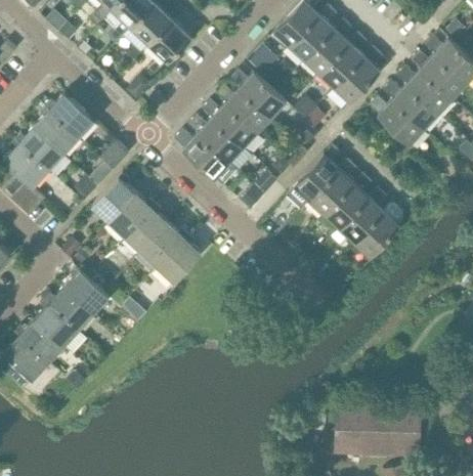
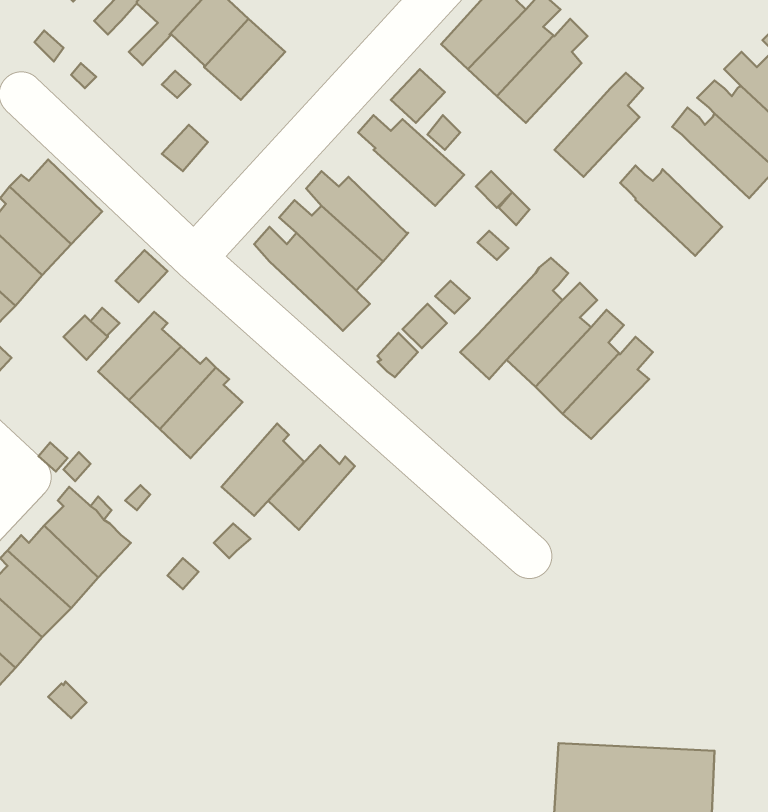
building: [319,34,368,89] -> none
building: [383,82,438,130] -> none
building: [216,85,271,133] -> none
building: [354,203,403,258] -> none
building: [141,223,187,268] -> [268,445,355,530]

